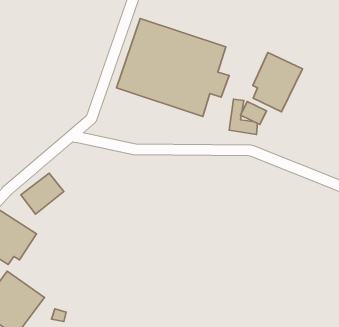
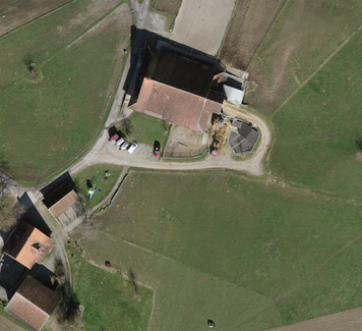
building: [253,52,302,112] -> none

